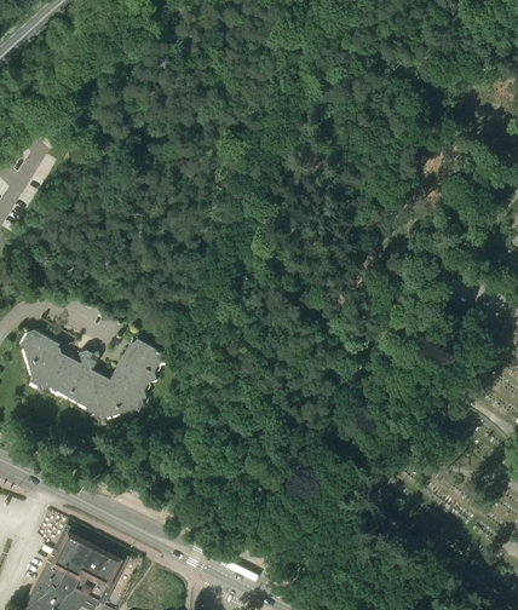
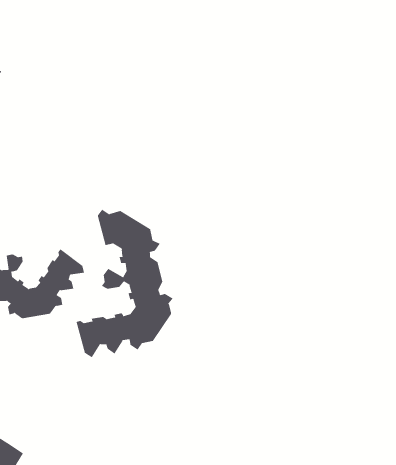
building: none -> [76,209,174,358]

